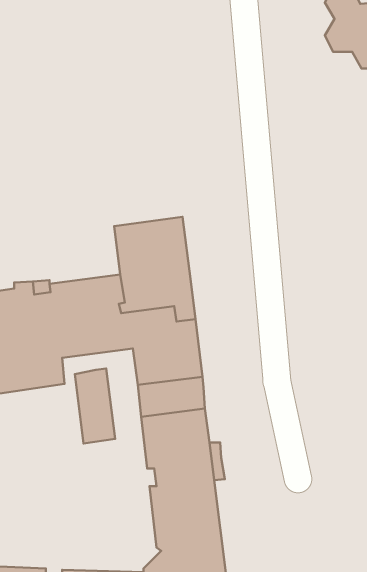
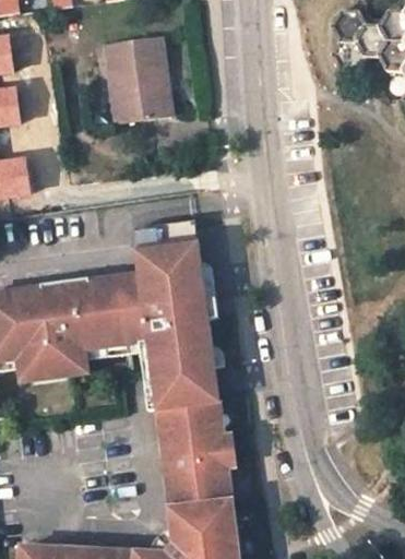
building: none -> [103,38,169,123]
building: [75,368,115,443] -> none

